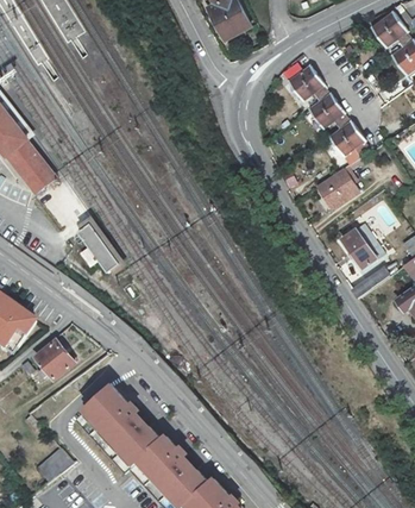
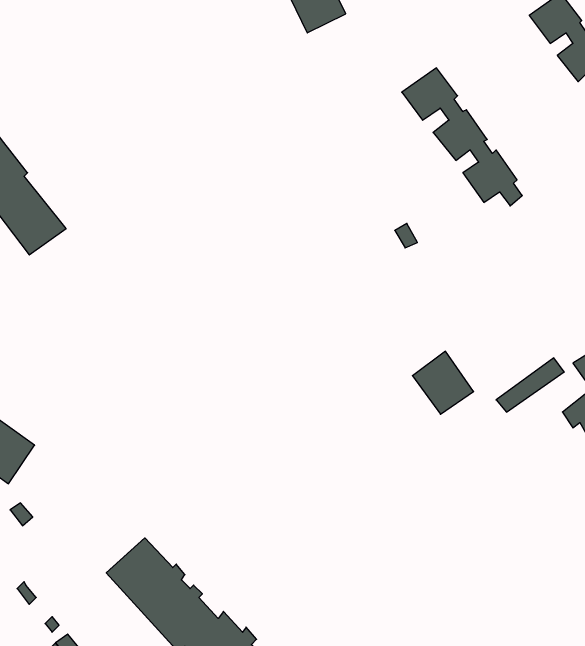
building: [315,167,357,207] -> none
building: [80,219,121,268] -> none
building: [340,222,382,265] -> [412,351,474,414]
building: [36,339,75,378] -> none

